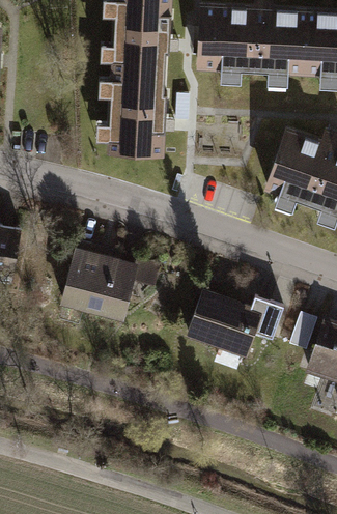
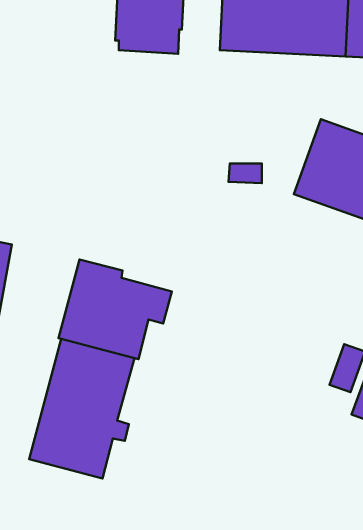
building: [105,65,163,150] -> none
building: [187,288,287,362] -> none
building: none -> [29,339,134,479]

